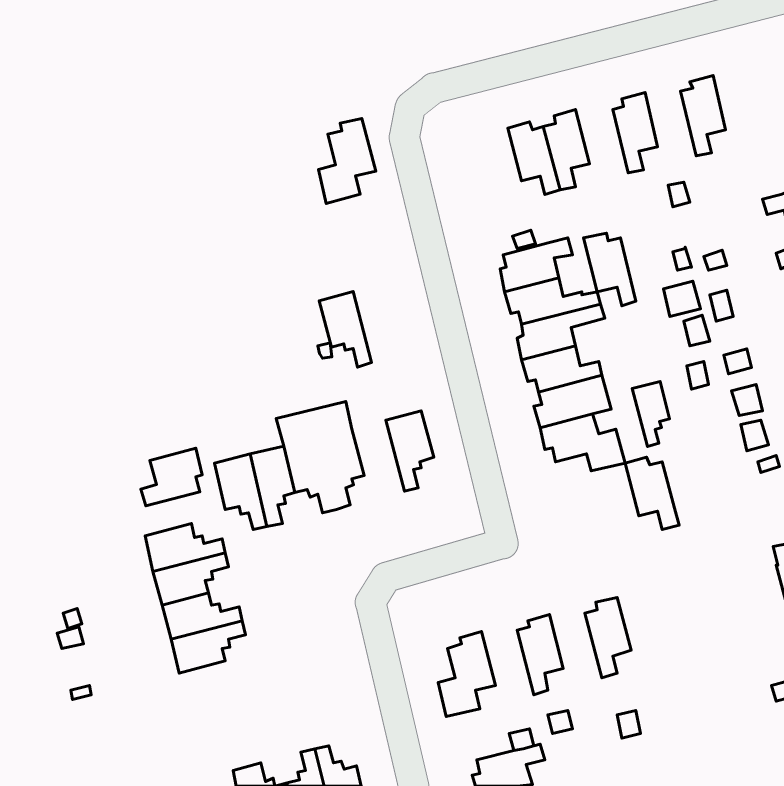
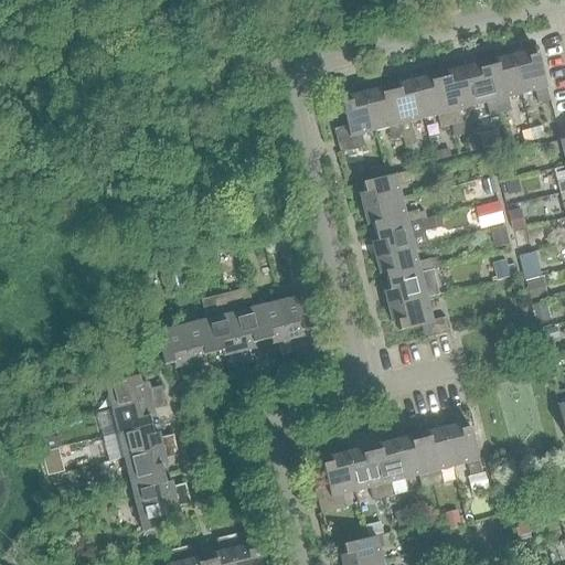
building: none -> [513,51,551,102]
building: none -> [465,63,501,114]
building: [319,119,376,204] -> [335,92,376,152]
building: [583,233,636,306] -> [415,75,452,127]
building: [319,291,372,367] -> [255,300,292,354]
building: [632,381,670,447] -> none
building: [141,448,202,506] -> none
building: [625,457,679,530] -> [445,423,483,475]
building: none -> [396,435,434,487]
building: none -> [348,448,385,499]
building: none -> [131,472,192,531]

